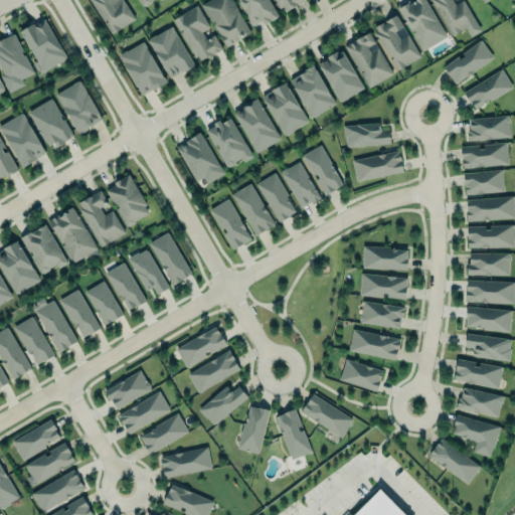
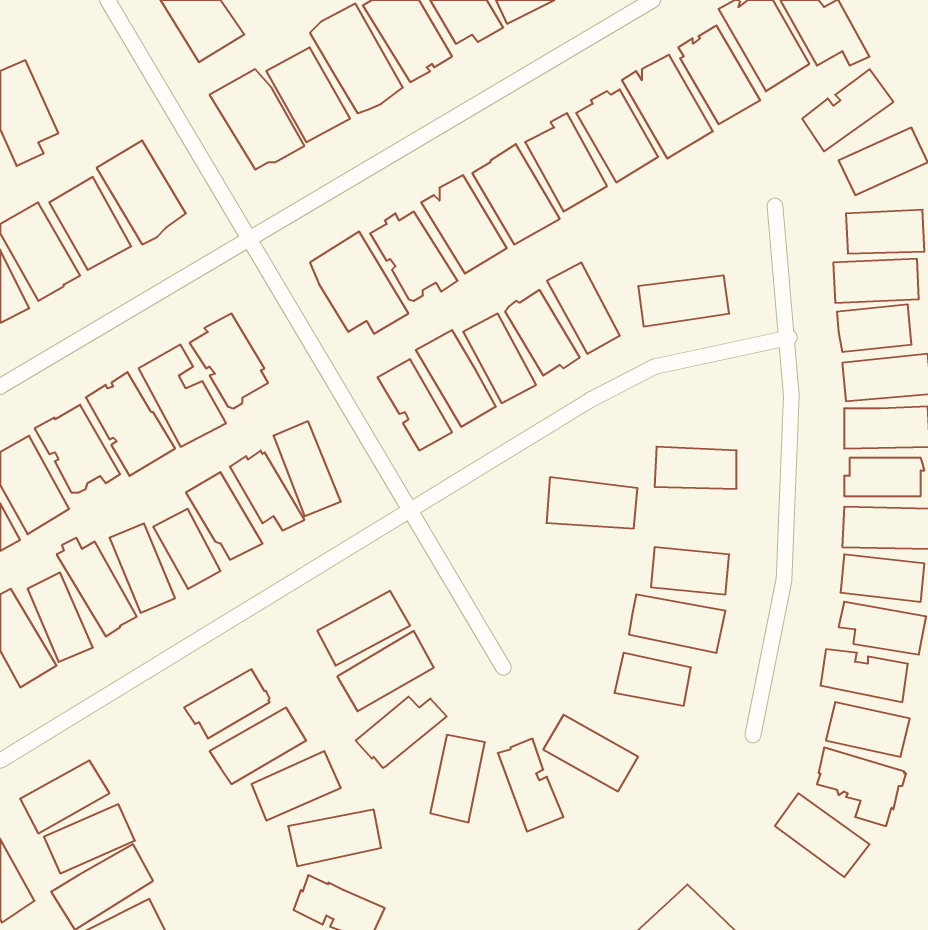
building: [19,21,70,72] -> none
building: [344,123,391,147] -> none
building: [359,272,409,300] -> [546,477,638,528]

